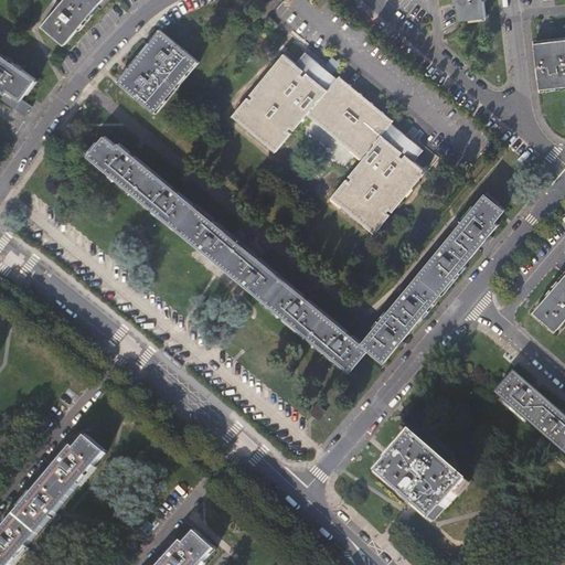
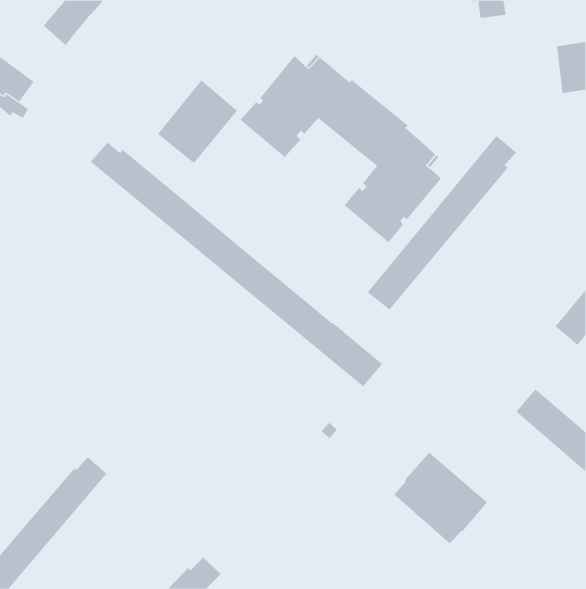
building: [117,30,194,110] -> [157,80,238,164]
building: [360,193,503,361] -> [367,135,517,310]

